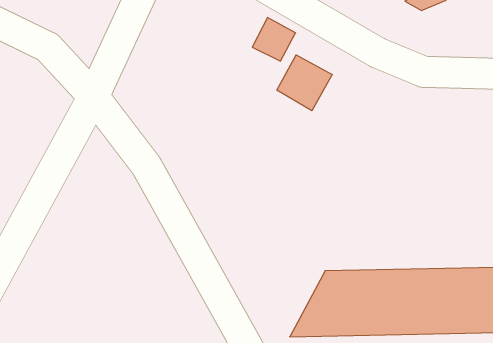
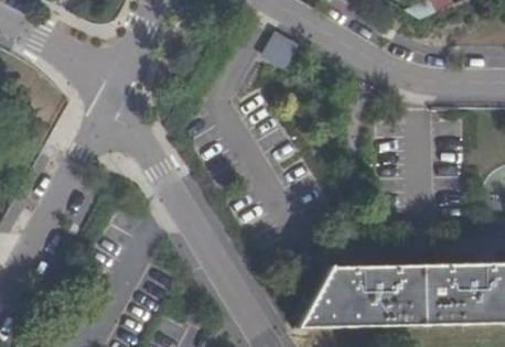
building: [277,55,332,111] -> none

